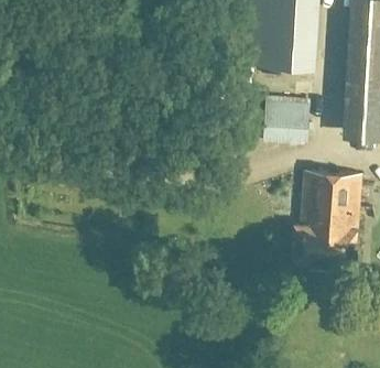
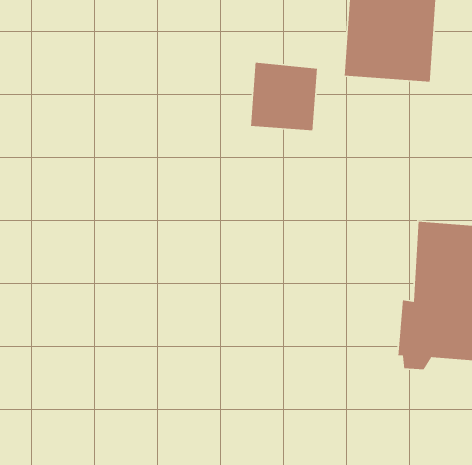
building: [262,96,310,144] -> [250,62,318,131]

